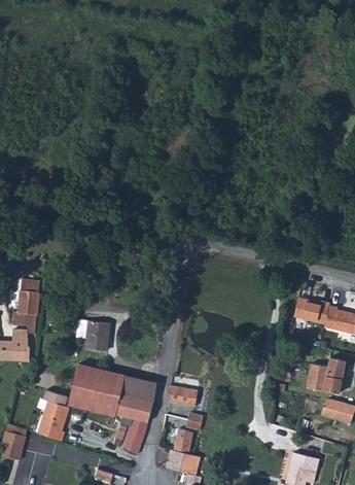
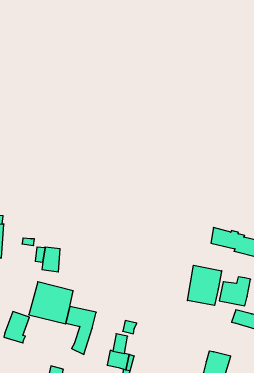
building: none -> [187,265,222,305]
building: [119,375,156,402] -> none
building: [167,385,198,406] -> none

